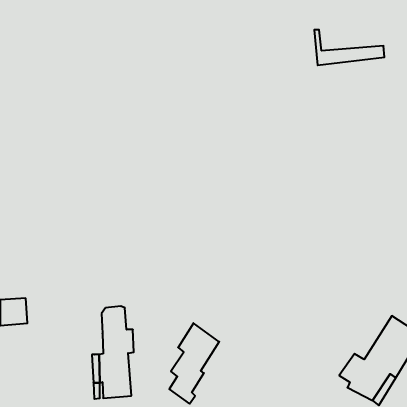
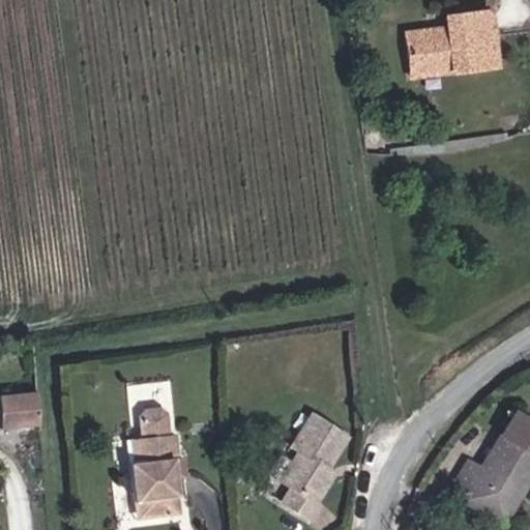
building: none -> [416,20,499,65]
building: [169,323,219,404] -> [288,412,352,516]

